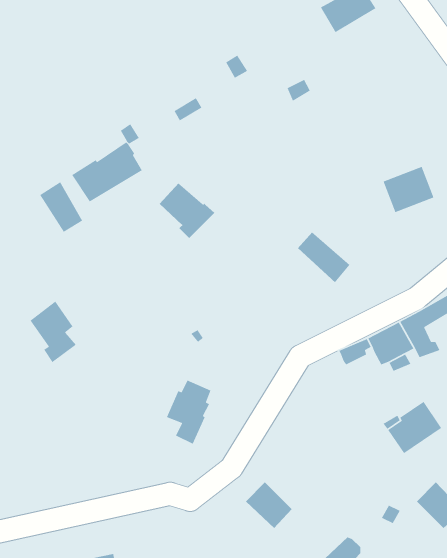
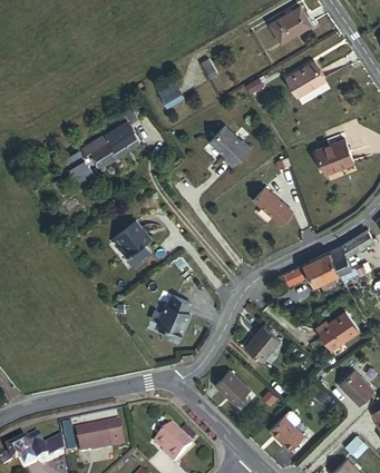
building: none -> [285,62,324,97]
building: [159,182,215,239] -> [210,126,251,167]
building: [29,301,77,363] -> [117,220,152,266]
building: none -> [244,326,280,362]

